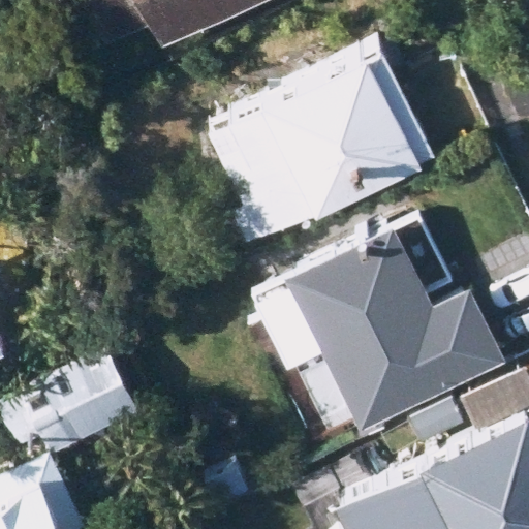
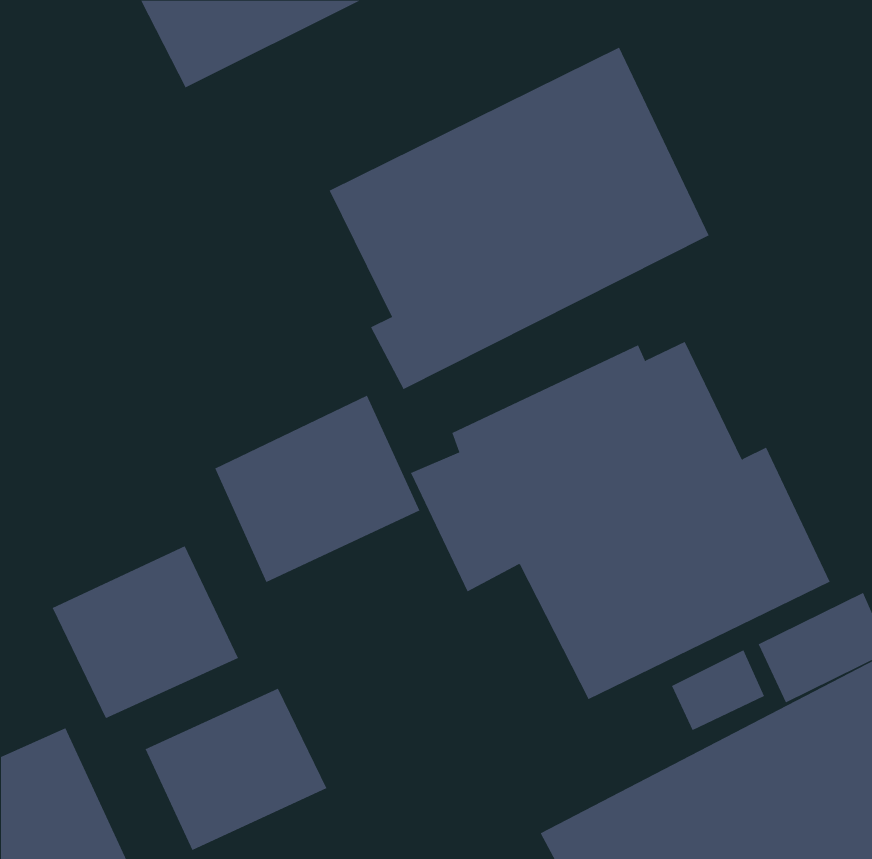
building: none -> [215,395,420,583]
building: none -> [145,688,327,851]

